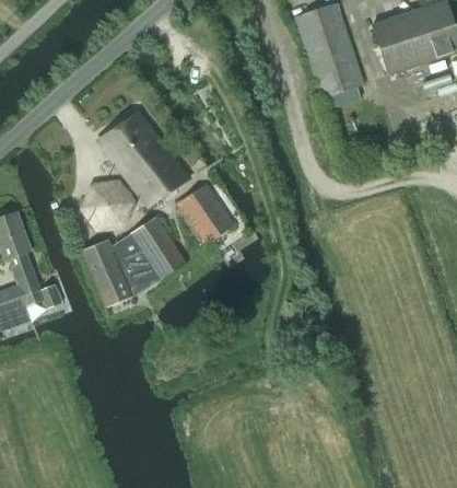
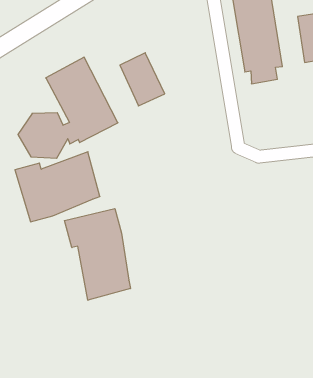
building: [177,183,233,244] -> [120,53,165,106]
building: none -> [64,209,130,300]

